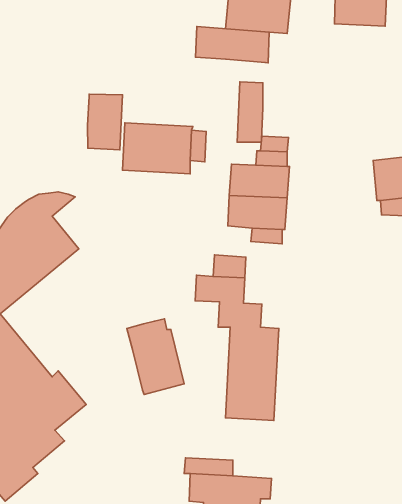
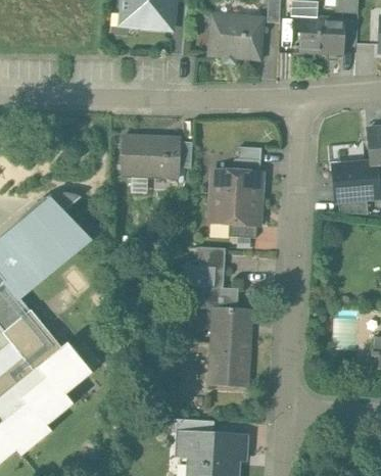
building: [196,26,269,63] -> none
building: [237,82,263,142] -> none
building: [87,94,123,150] -> none
building: [127,319,184,394] -> none

